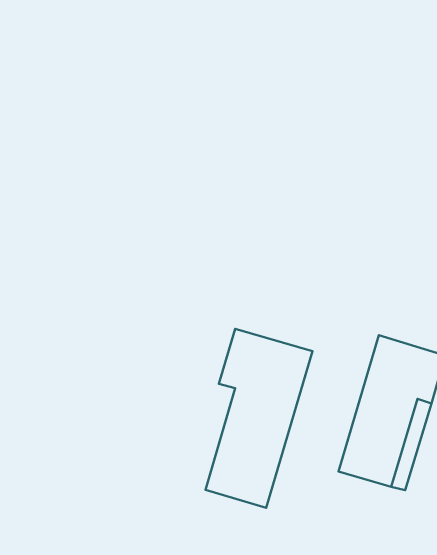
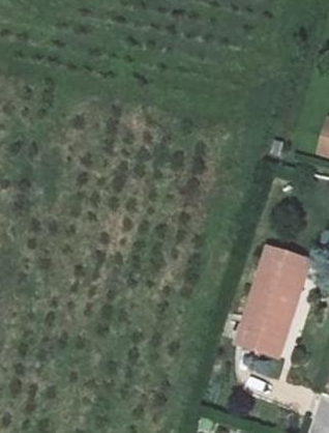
building: [206,329,313,508] -> none

